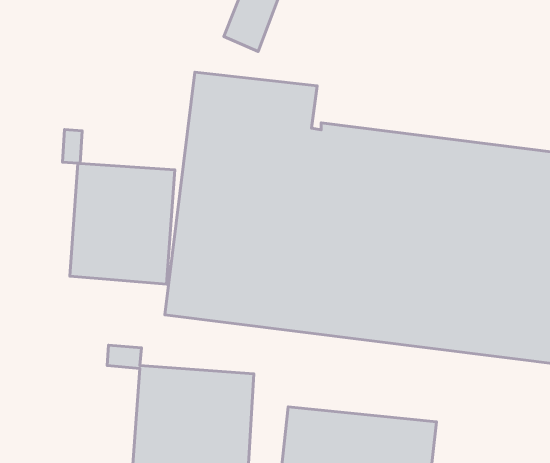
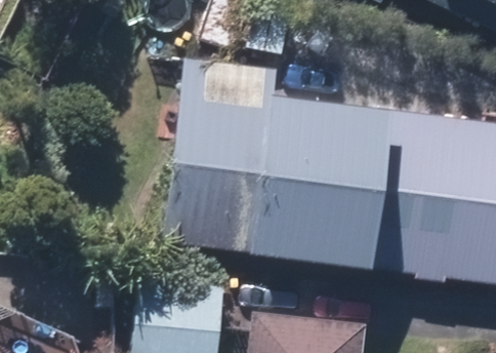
building: [63,130,175,284] -> none

